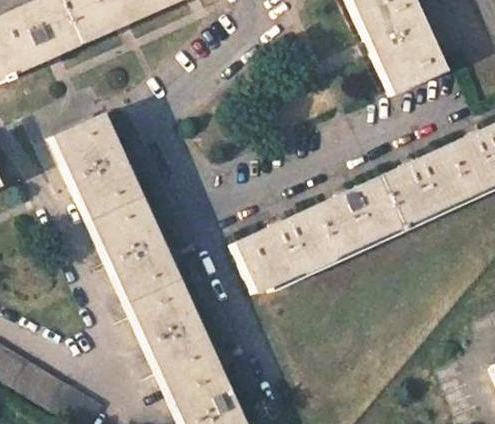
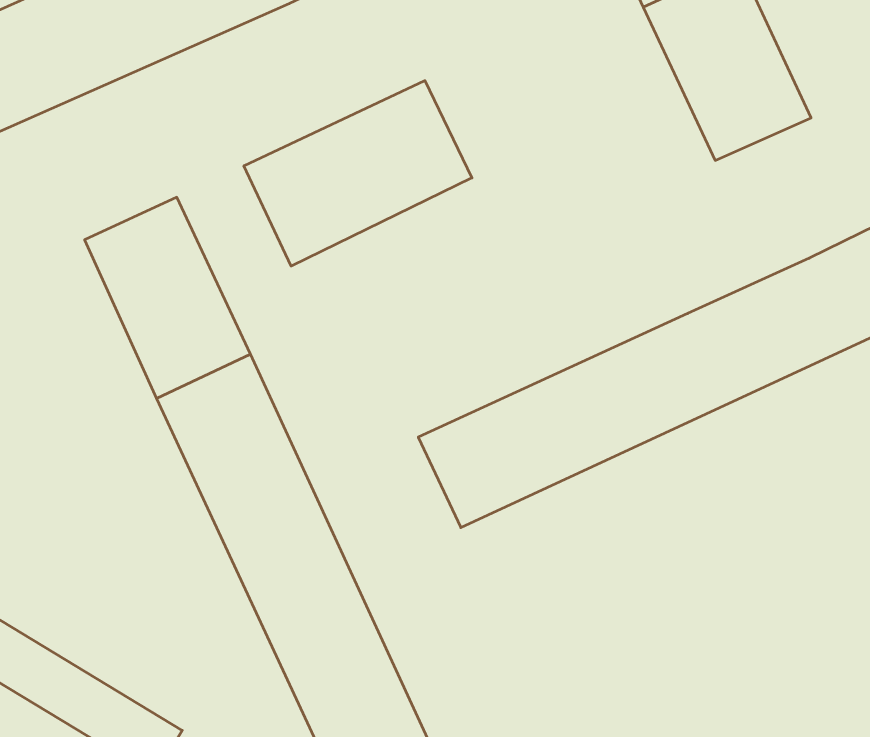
building: none -> [244,81,472,266]

